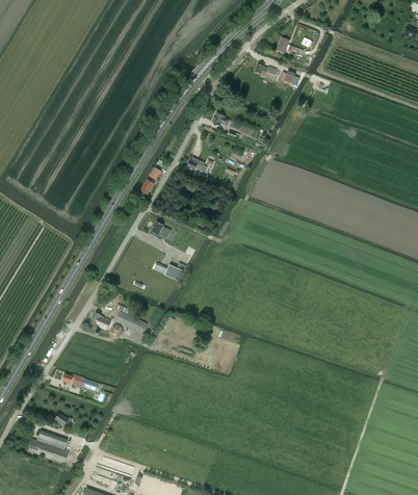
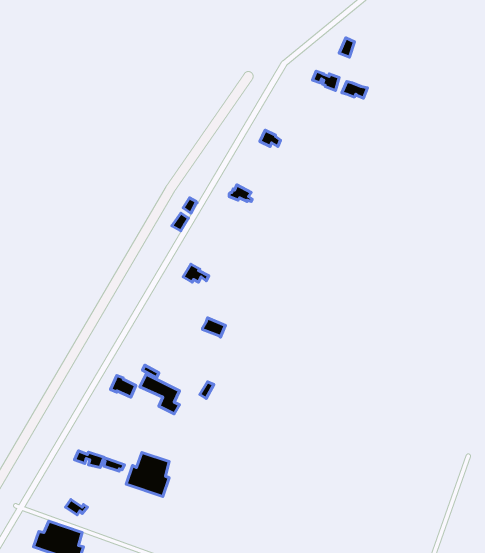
building: none -> [126,452,169,496]

